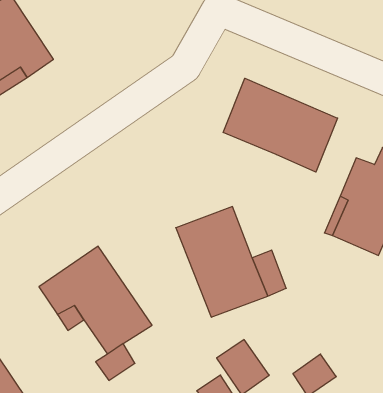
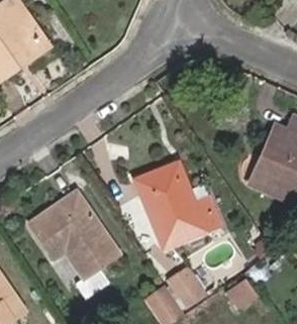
building: [223,78,338,172] -> none

